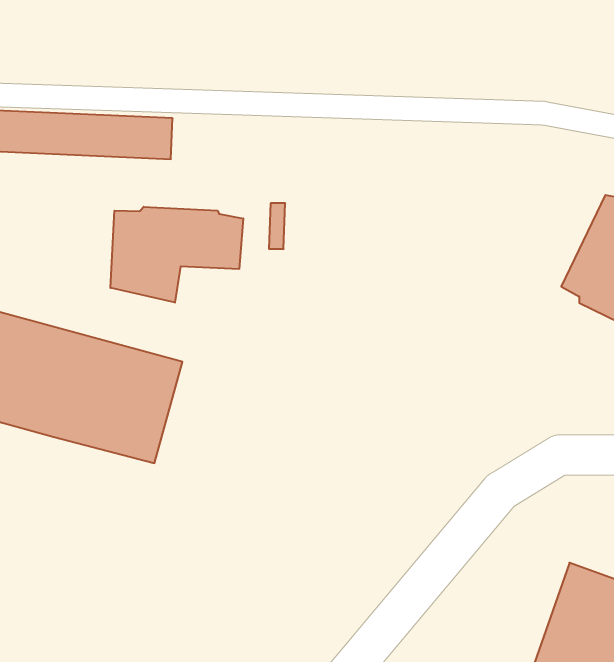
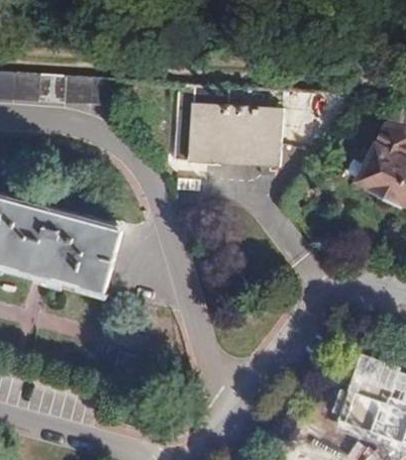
building: none -> [188,89,283,176]
building: [110,207,243,303] -> none

